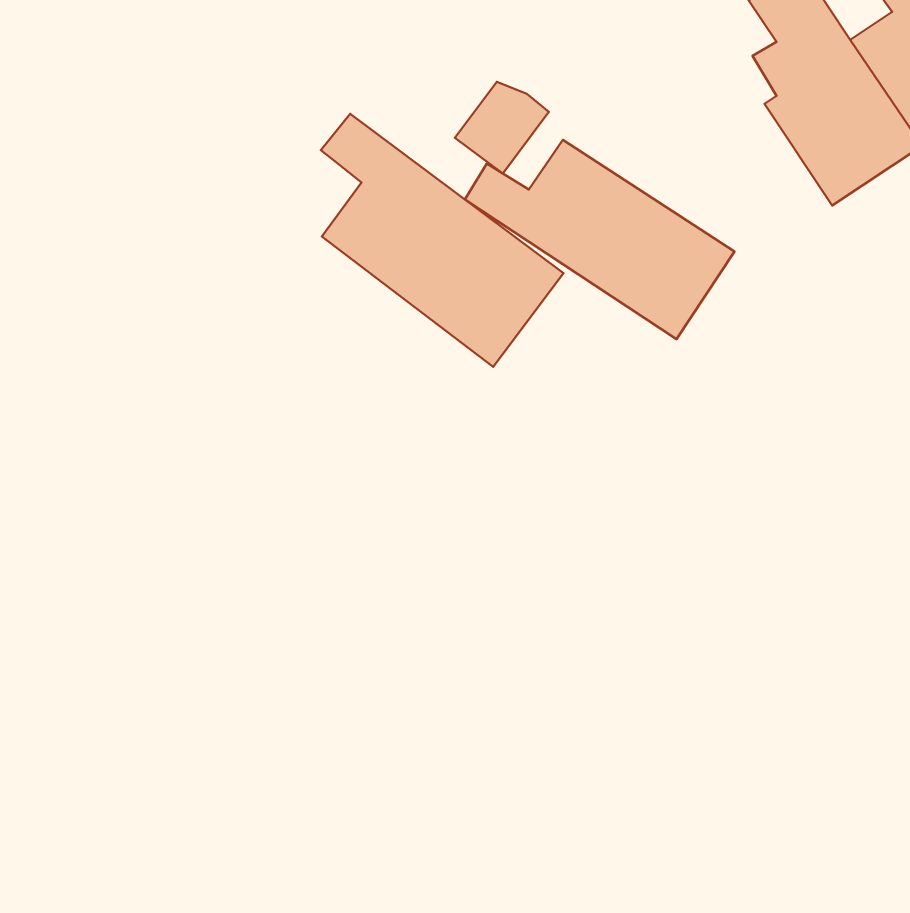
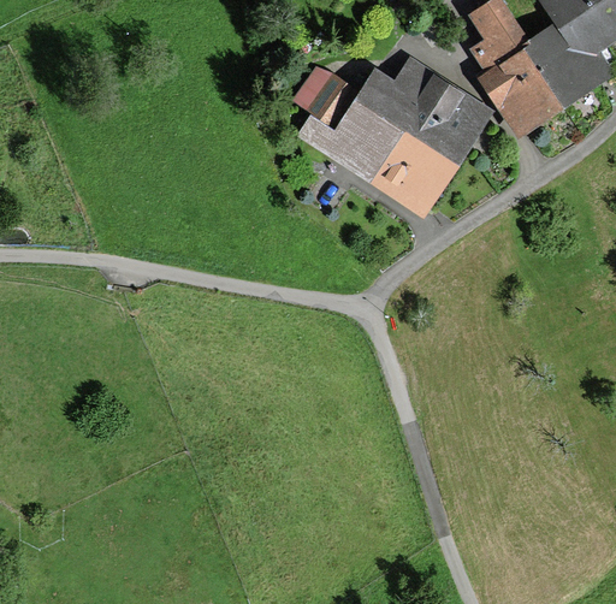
building: none -> [355,55,494,166]
building: [321,114,563,367] -> none

